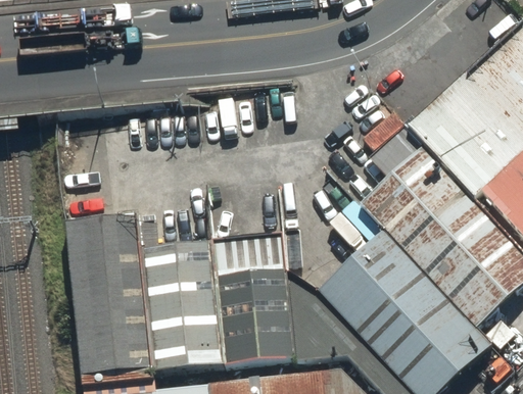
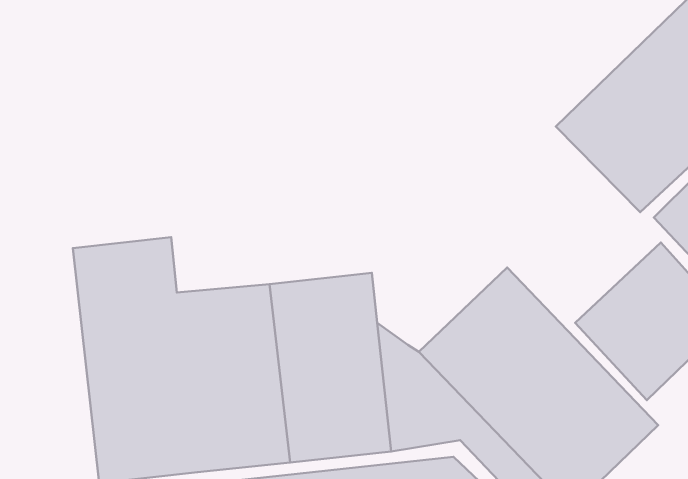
building: [371,122,495,270] -> none

